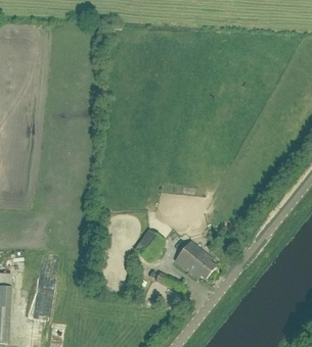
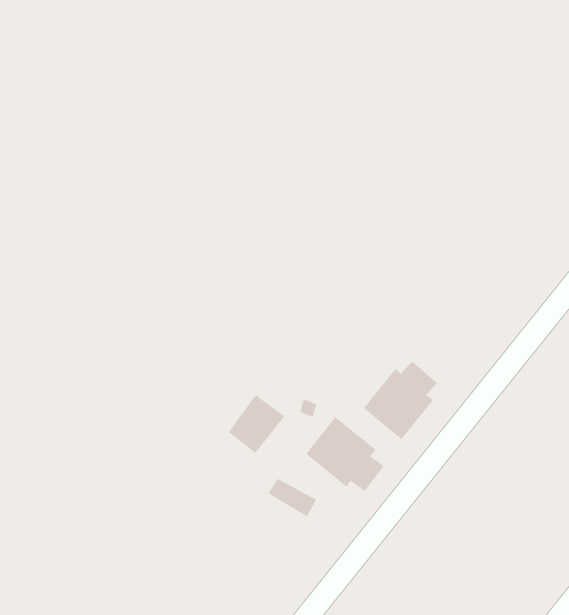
building: none -> [363,361,438,440]

